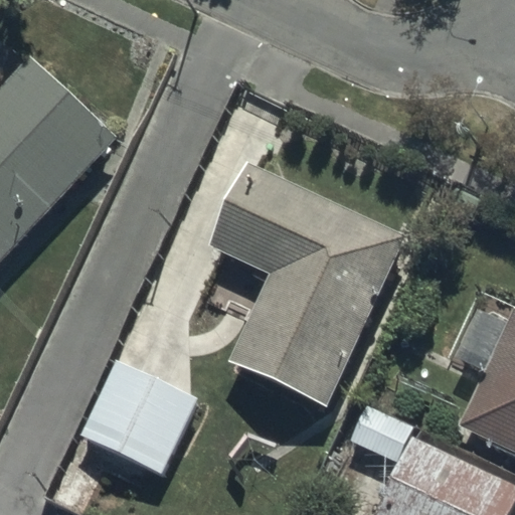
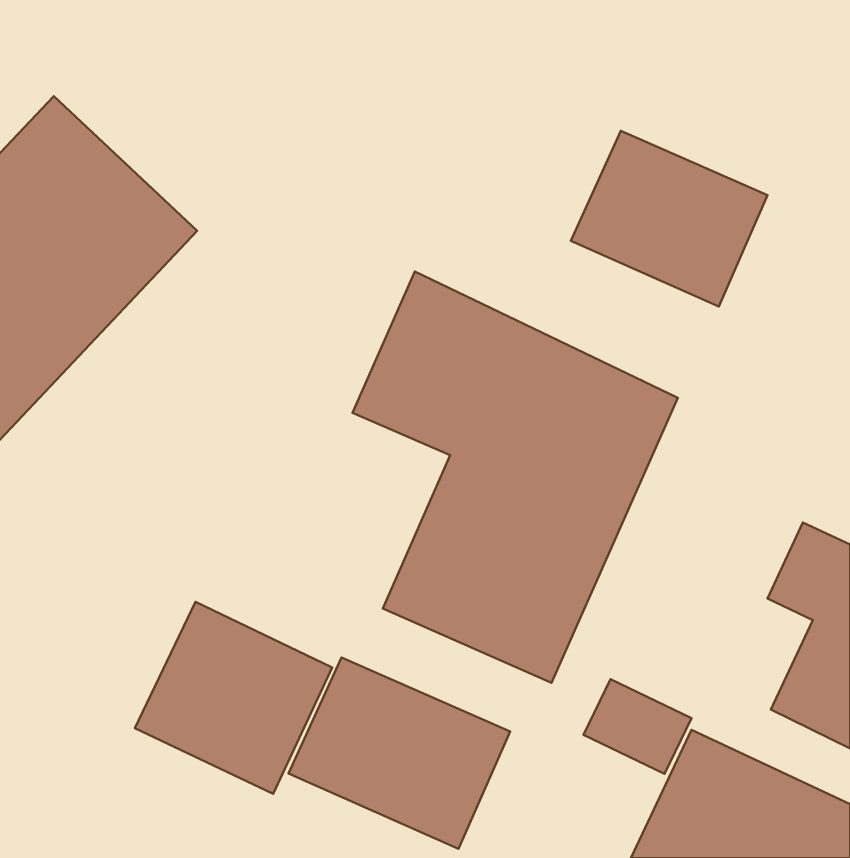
building: none -> [571,131,768,306]
building: none -> [289,657,510,849]

